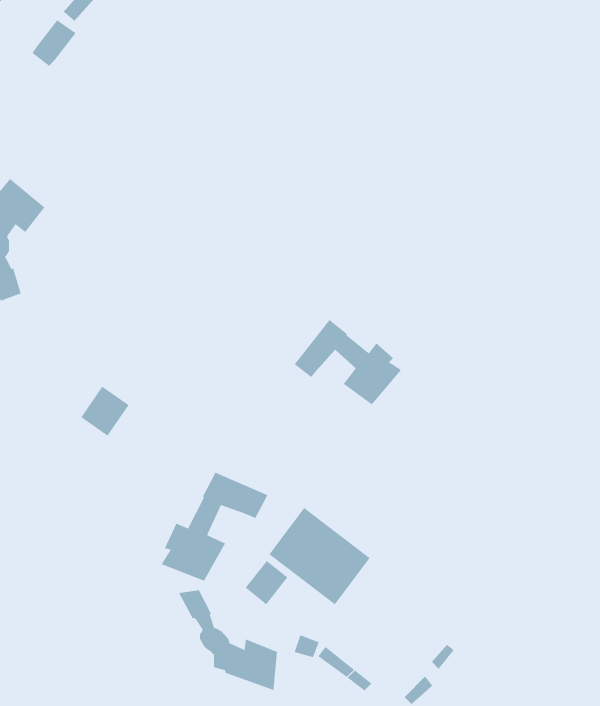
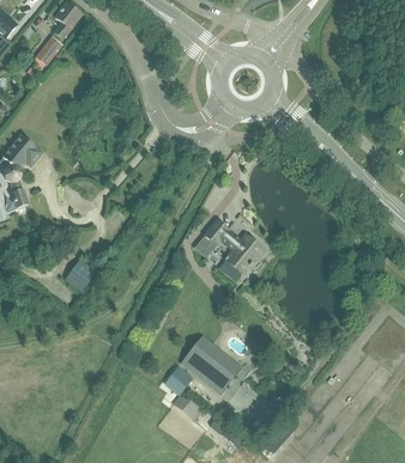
building: [161,472,268,582] -> none
building: [178,590,278,691] -> none

